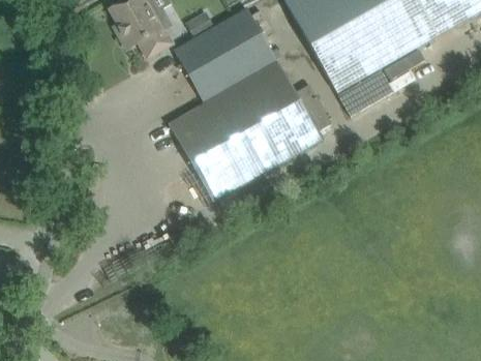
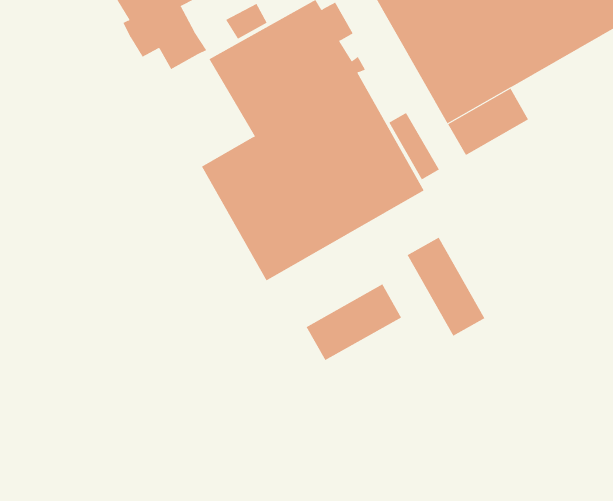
building: none -> [407,237,485,337]
building: none -> [306,283,402,361]

